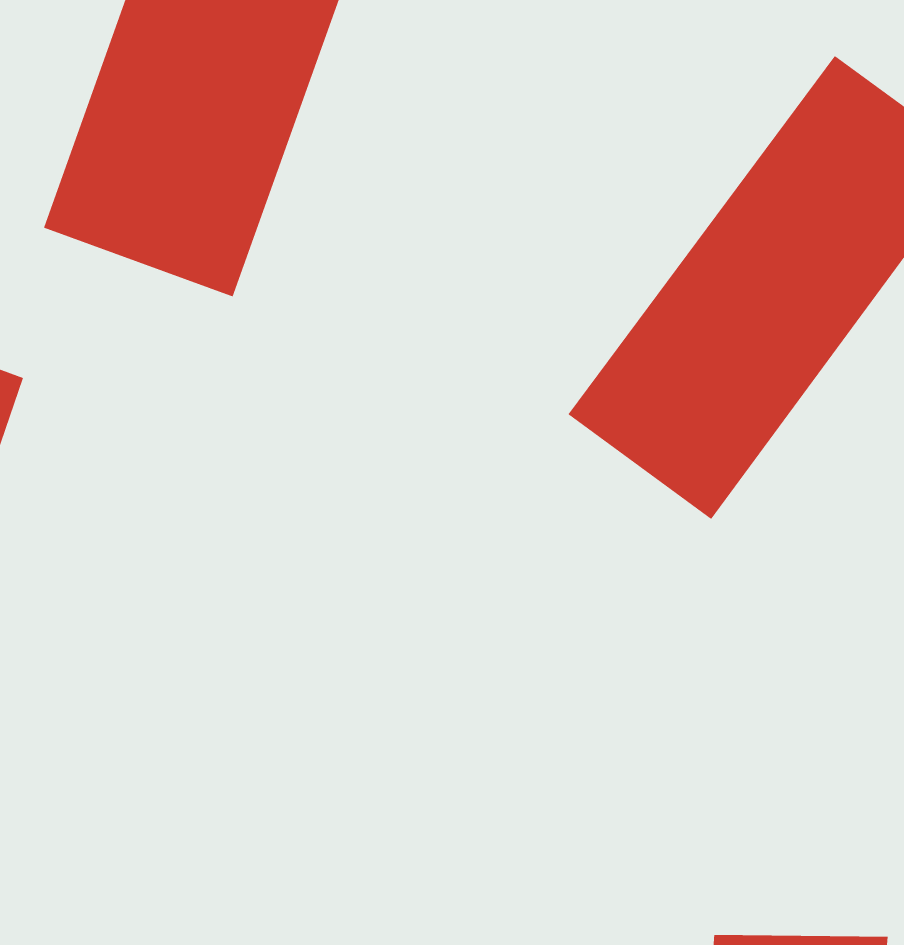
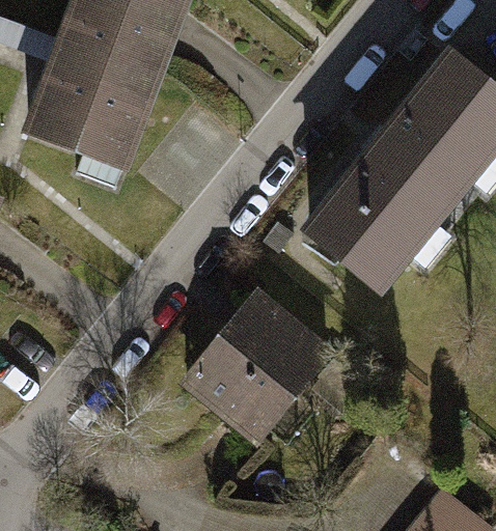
building: none -> [165,278,328,446]

